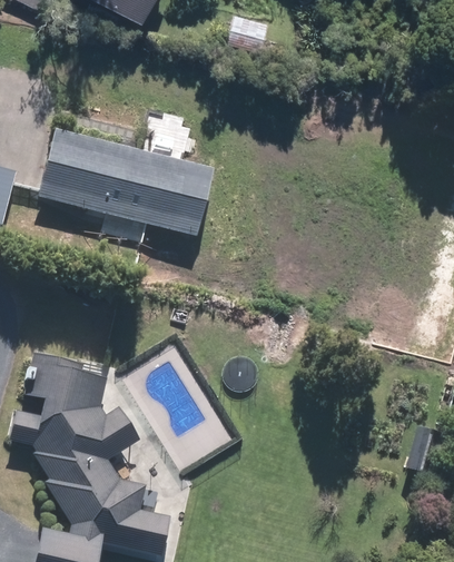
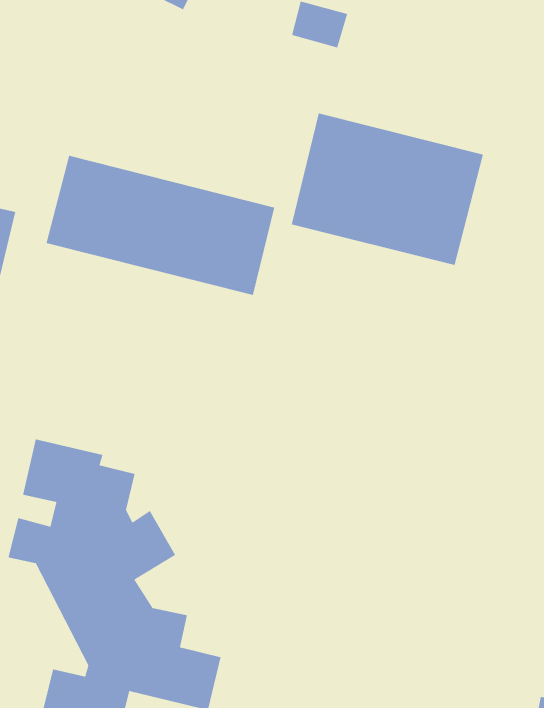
building: none -> [291,113,484,266]

